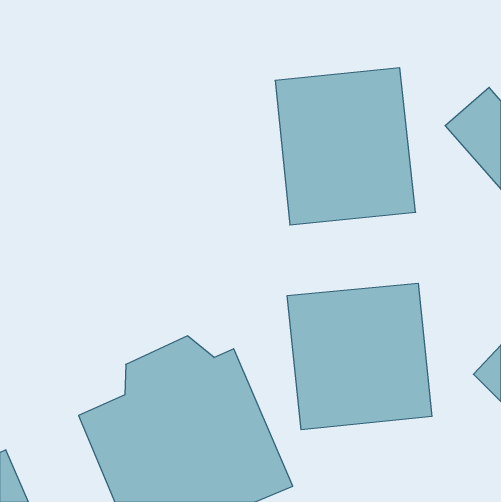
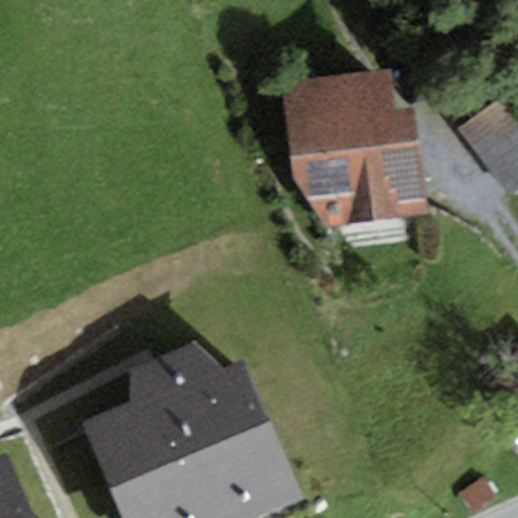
building: [287,283,432,430] -> none

